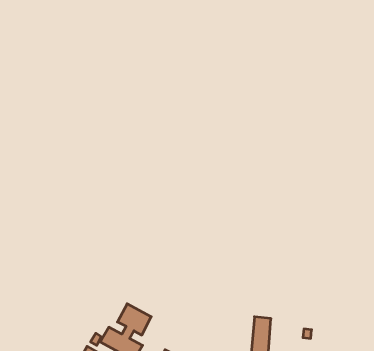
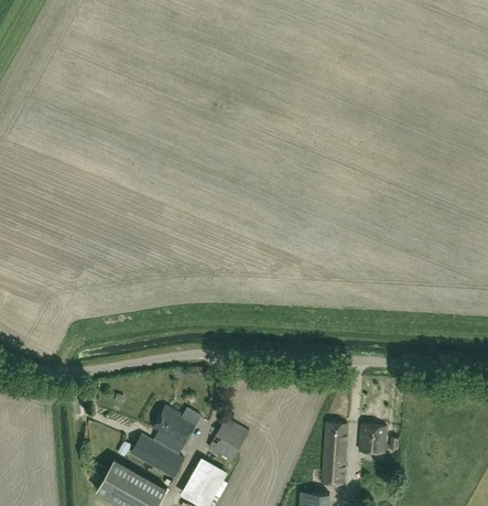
building: none -> [208,419,248,461]
building: none -> [358,424,386,453]

